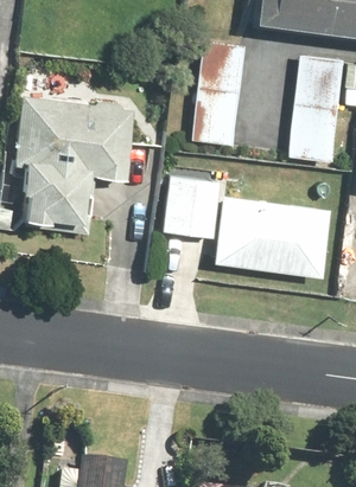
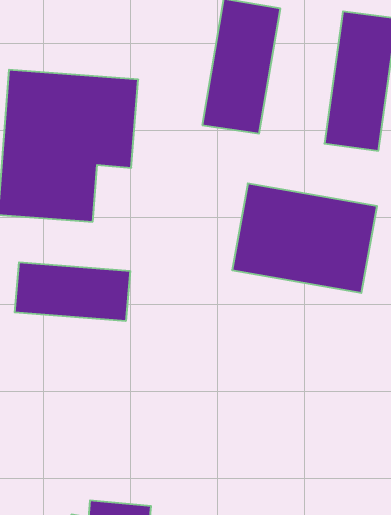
building: [160,174,222,242] -> none
building: none -> [15,262,130,321]

